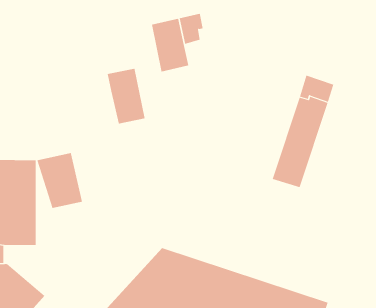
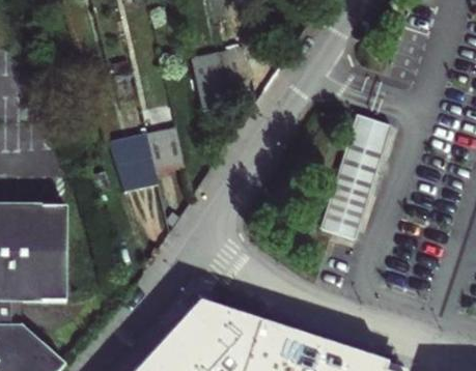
building: [37,153,83,209] -> [107,133,158,194]

